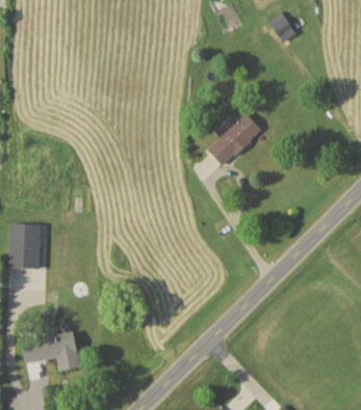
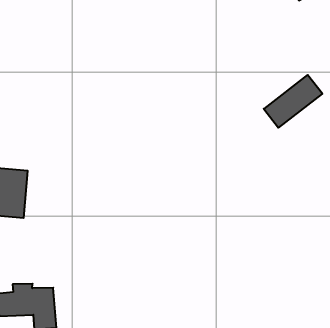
building: [208,112,262,164] -> [264,75,322,128]

